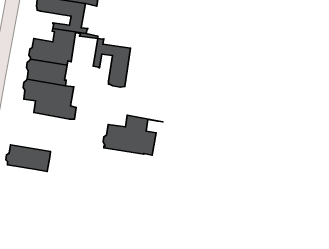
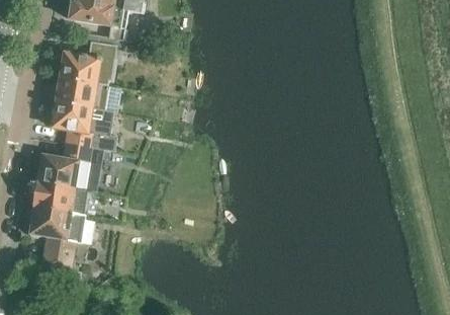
building: [93,39,130,87] -> none
building: [103,115,163,155] -> [35,142,108,190]
building: none -> [28,206,85,268]

